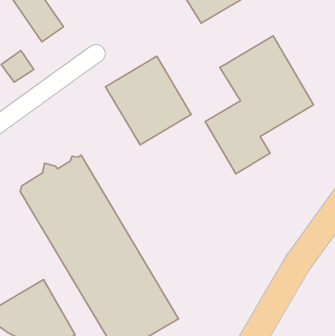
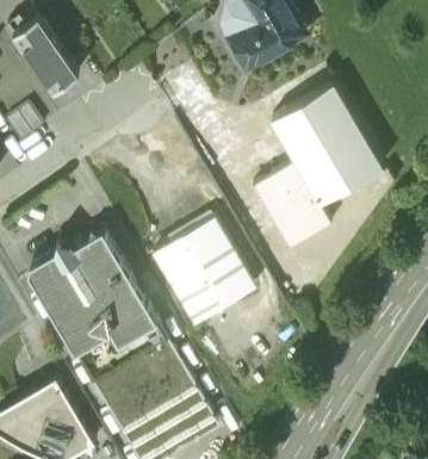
building: [106,56,191,145] -> [153,218,256,325]

